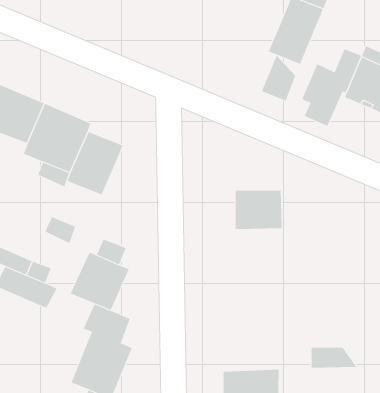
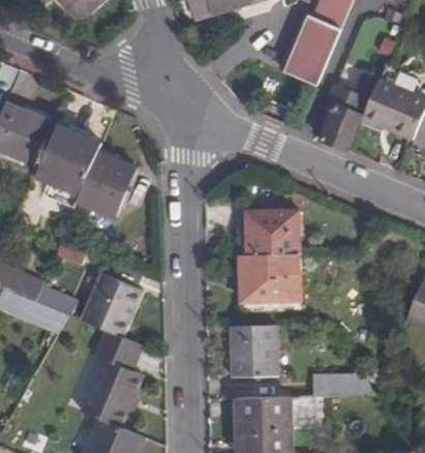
building: [261,55,296,101] -> none
building: none -> [239,252,300,301]
building: none -> [231,326,275,376]

